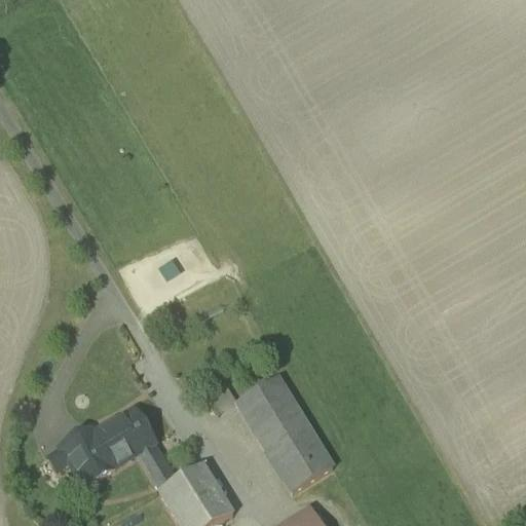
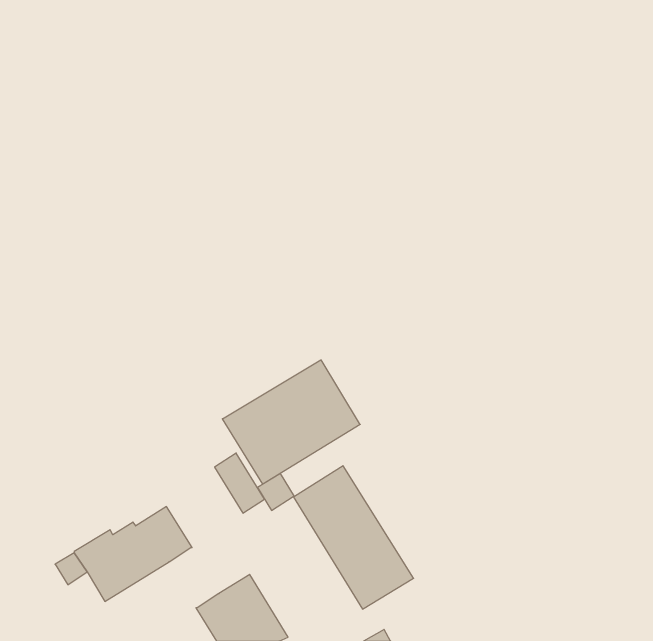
building: none -> [222,360,360,484]
building: [137,440,177,488] -> [215,453,264,513]

